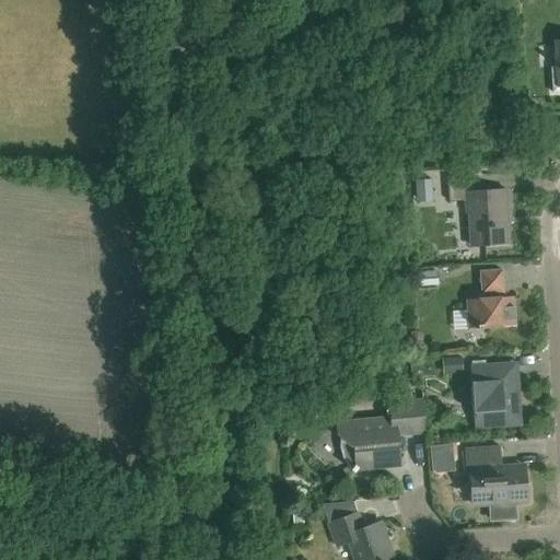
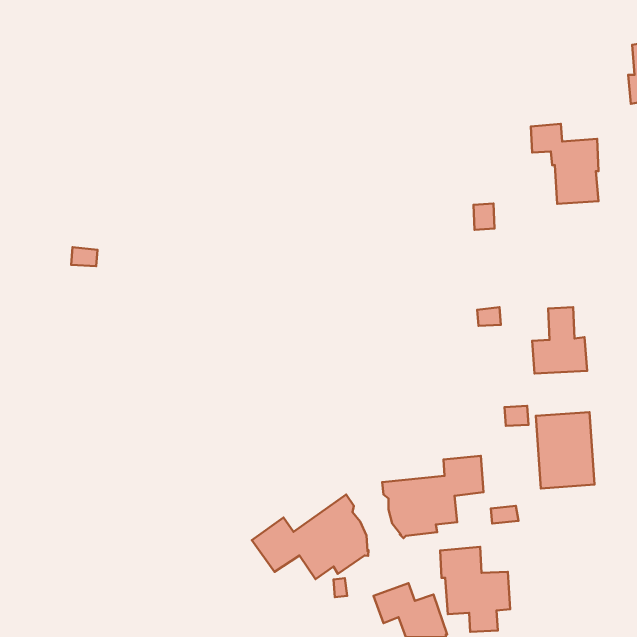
building: [448,175,508,245] -> [531,124,598,204]
building: none -> [252,494,369,579]
building: [466,444,527,518] -> [440,547,510,632]

